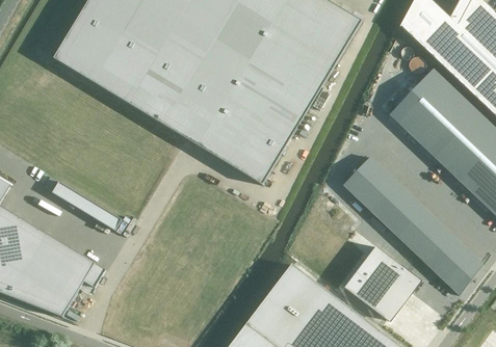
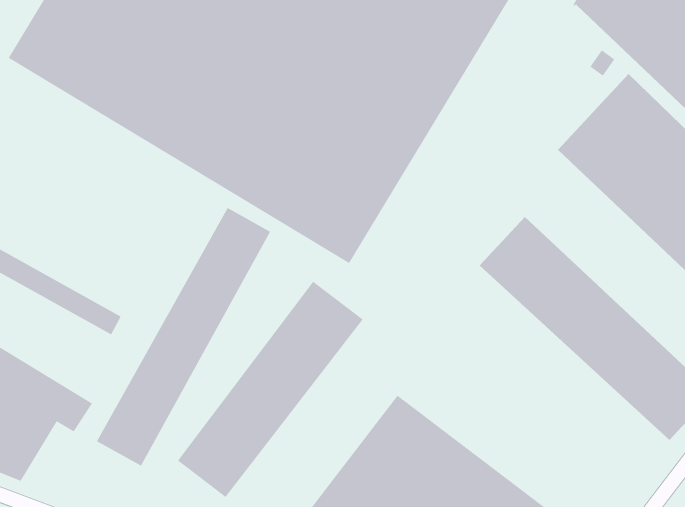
building: none -> [96,207,271,467]
building: none -> [177,281,363,498]
building: [344,245,422,319] -> none

